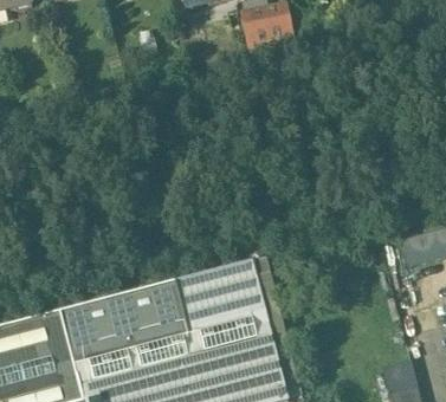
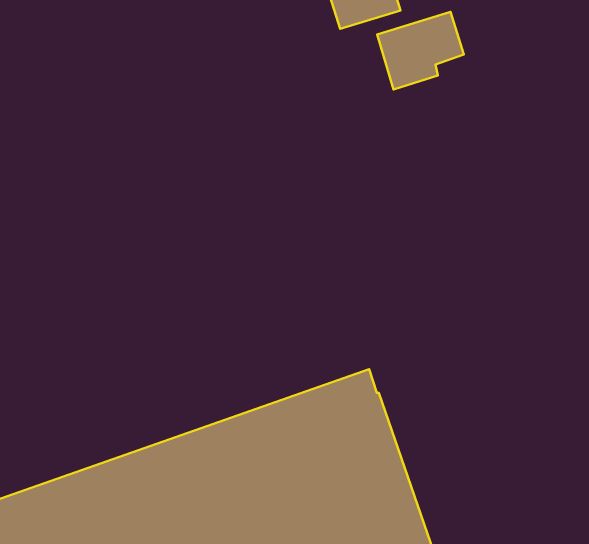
building: none -> [377,12,464,90]

